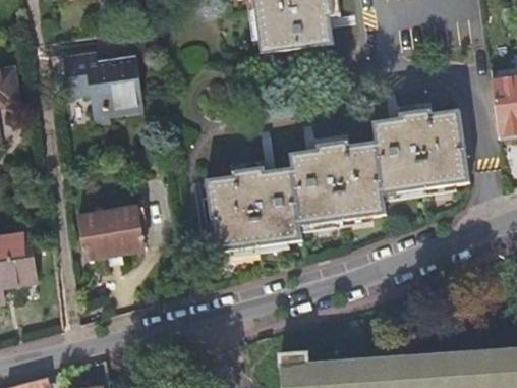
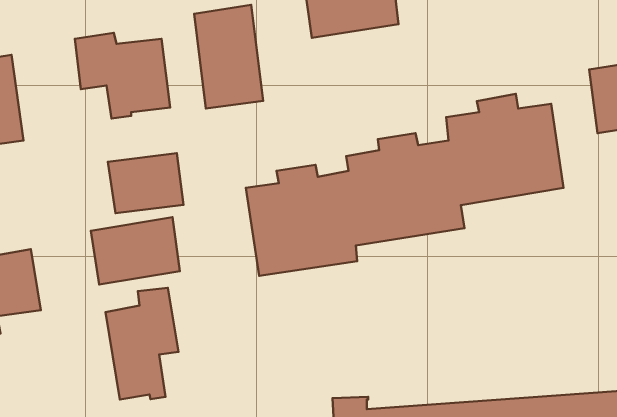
building: none -> [194,5,263,108]
building: none -> [108,153,184,213]
building: none -> [105,288,179,400]

